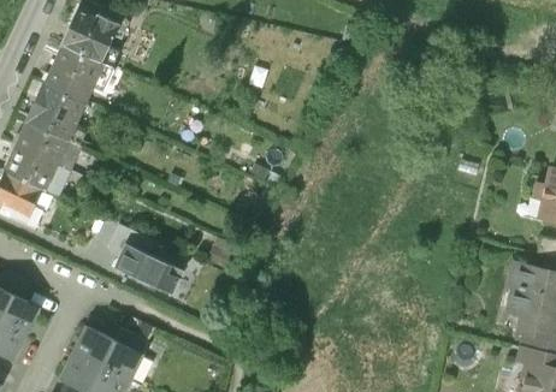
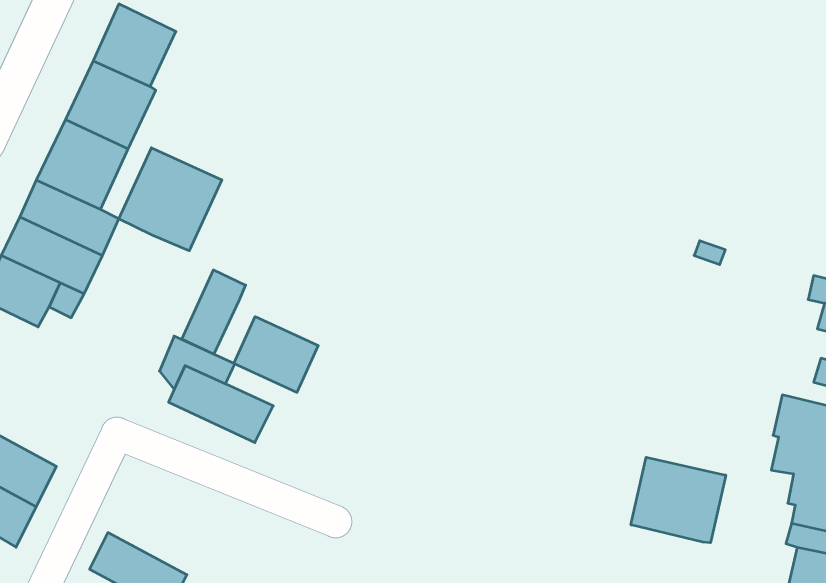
building: none -> [119,148,222,251]
building: none -> [182,270,246,354]
building: none -> [234,317,318,392]
building: none -> [631,457,726,543]
building: [73,327,138,379] -> none

